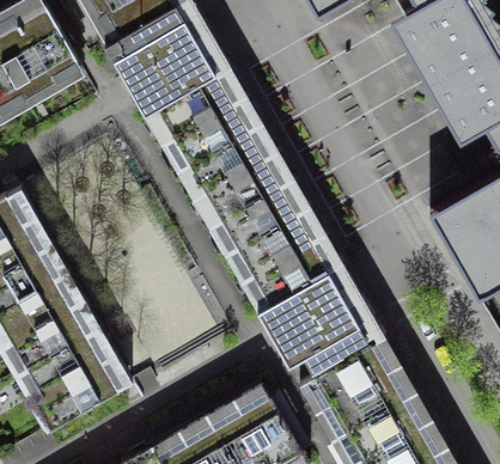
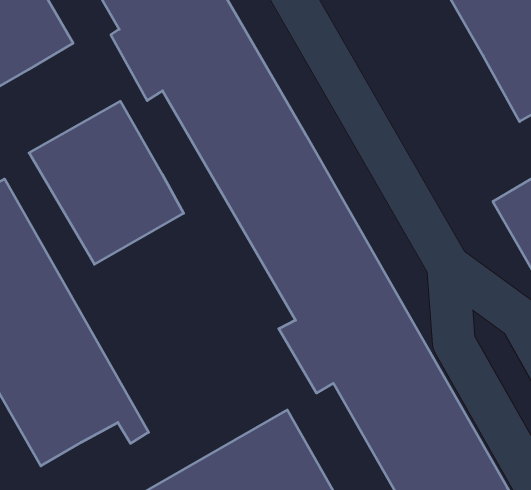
building: none -> [29,101,184,264]

